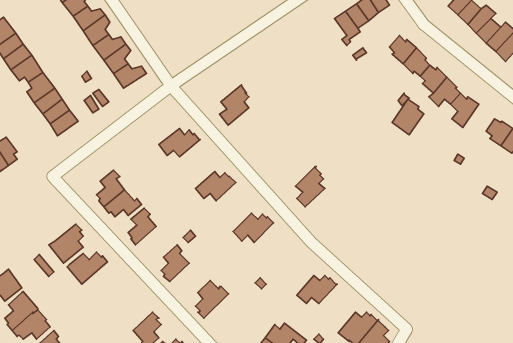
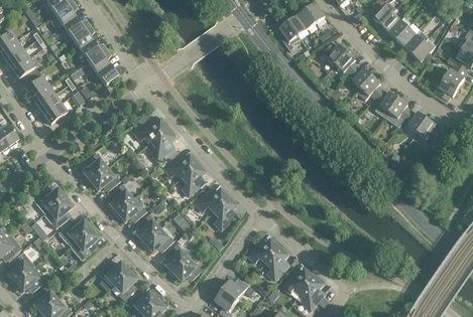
building: [220,85,249,125] -> [149,126,173,159]
building: [392,99,424,135] -> [384,97,410,126]
building: [296,167,325,207] -> [212,194,236,227]
building: none -> [181,161,204,194]
building: none -> [33,187,65,209]
building: none -> [114,193,145,220]
building: none -> [70,226,97,259]
building: none -> [142,227,173,251]
building: none -> [265,245,288,278]
building: none -> [170,253,202,280]
building: none -> [97,261,128,289]

